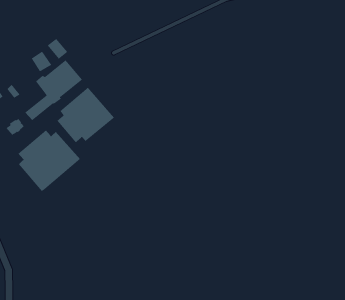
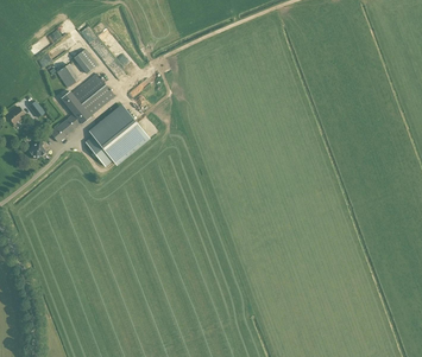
building: [18,130,81,192] -> none

